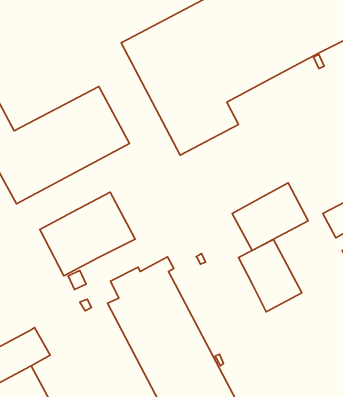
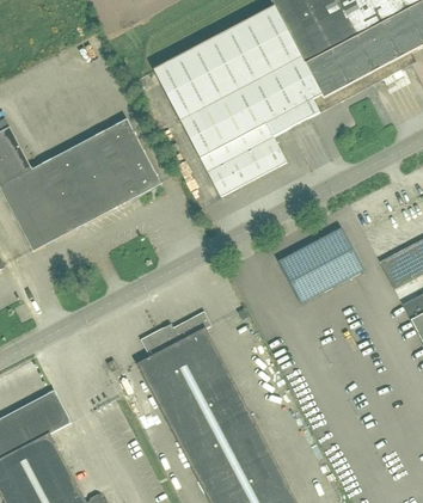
building: [40,192,135,276] -> none
building: [238,239,302,312] -> none

